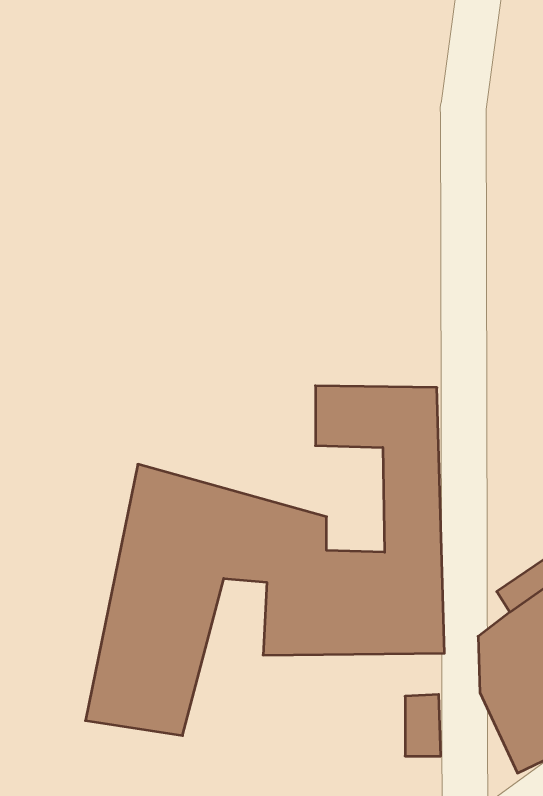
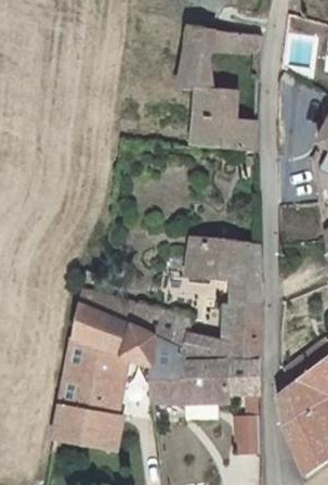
building: none -> [175,25,254,148]

